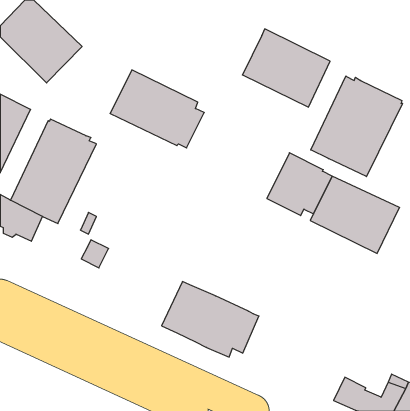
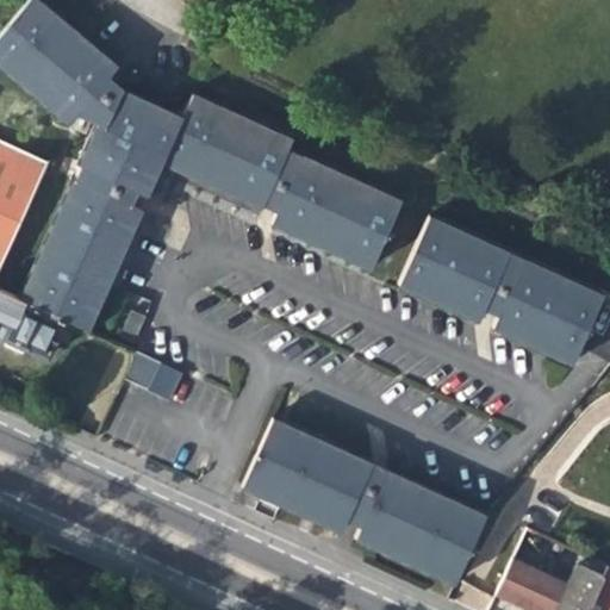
building: [242,29,330,107] -> [276,156,406,272]
building: none -> [70,82,186,204]
building: [311,76,402,177] -> none
building: none -> [357,468,487,577]

